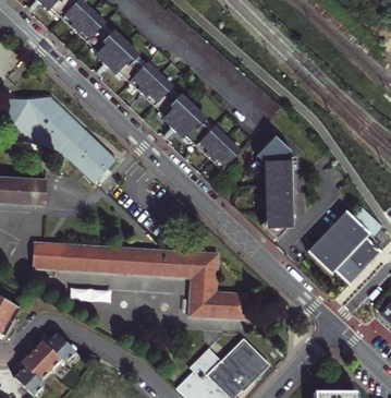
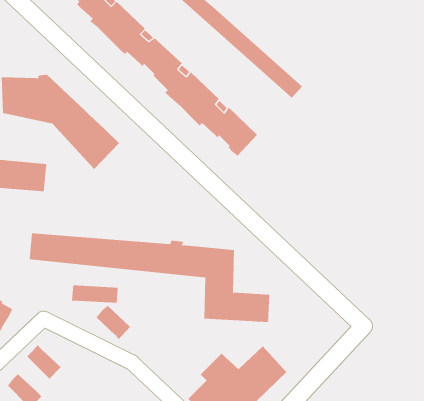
building: [256,137,296,240] -> none
building: [307,213,380,286] -> none
building: [46,334,77,365] -> [96,305,131,340]
building: [21,351,52,383] -> none

